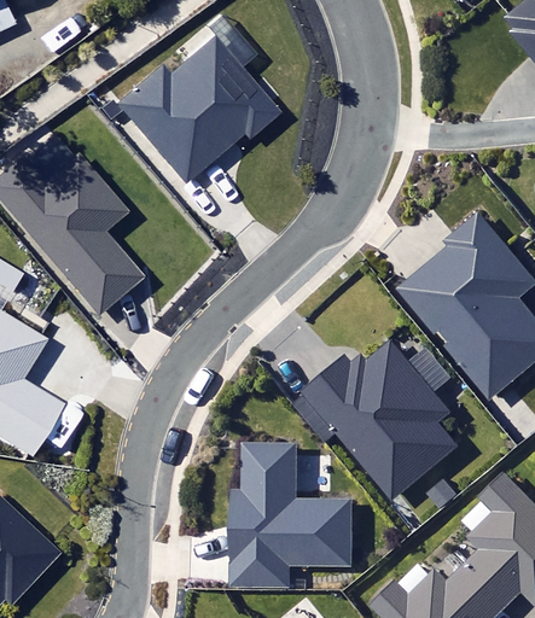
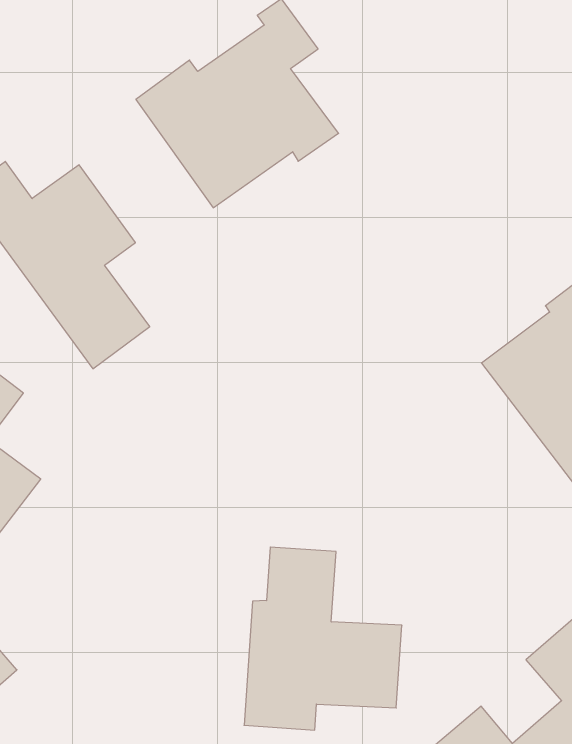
building: [308,340,459,499] -> none

